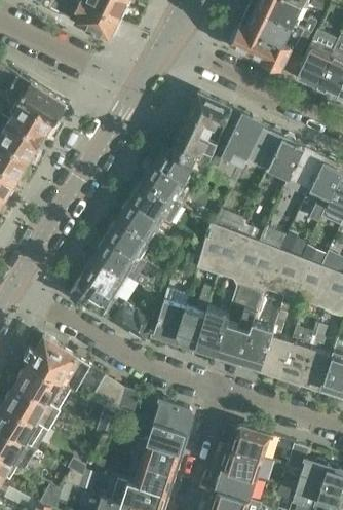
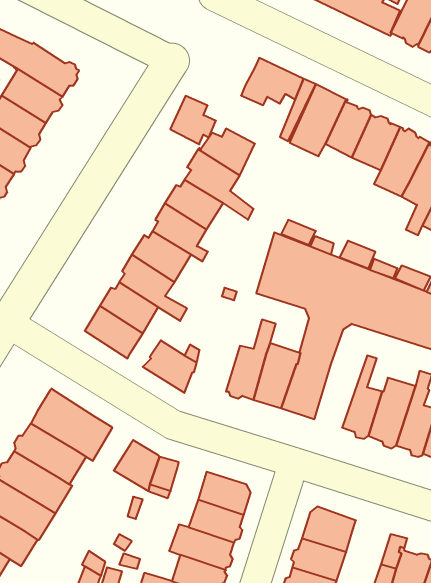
building: [175,120,208,156] -> [170,96,216,144]
building: [154,288,189,340] -> none
building: [240,291,283,367] -> none

